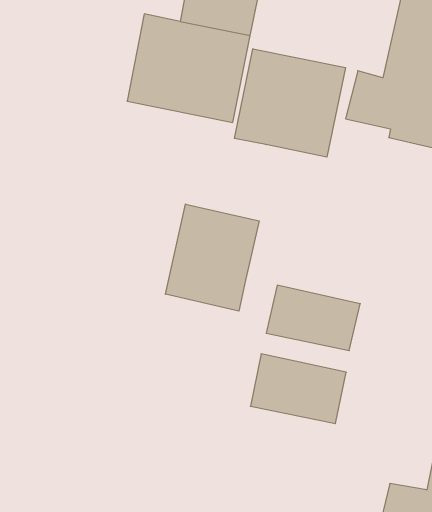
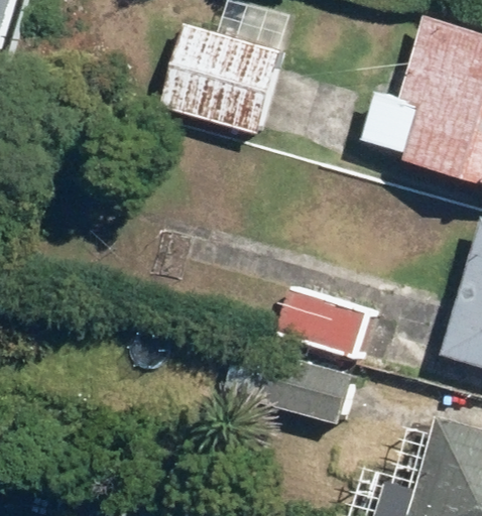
building: [234,49,346,157] -> none
building: [165,204,259,311] -> none

